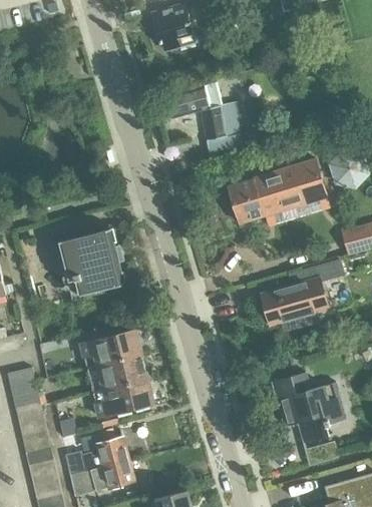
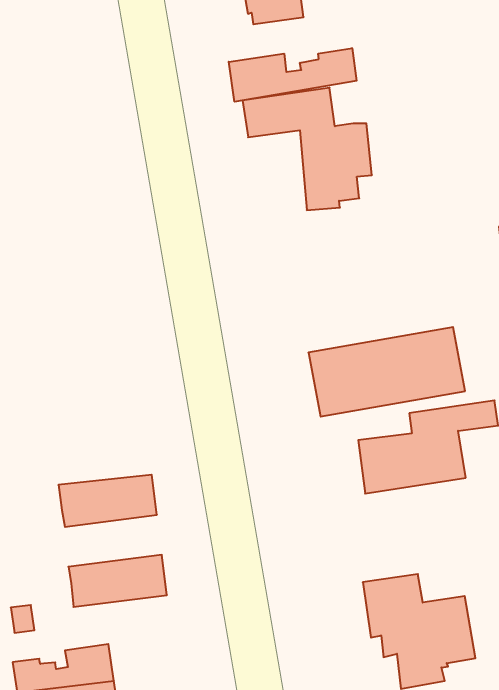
building: none -> [229,48,357,102]
building: [228,159,326,223] -> [308,327,465,417]
building: [58,228,122,299] -> none
building: [86,355,147,393] -> none

